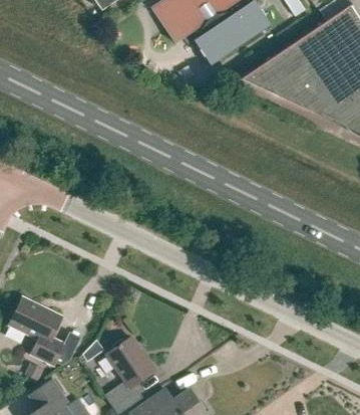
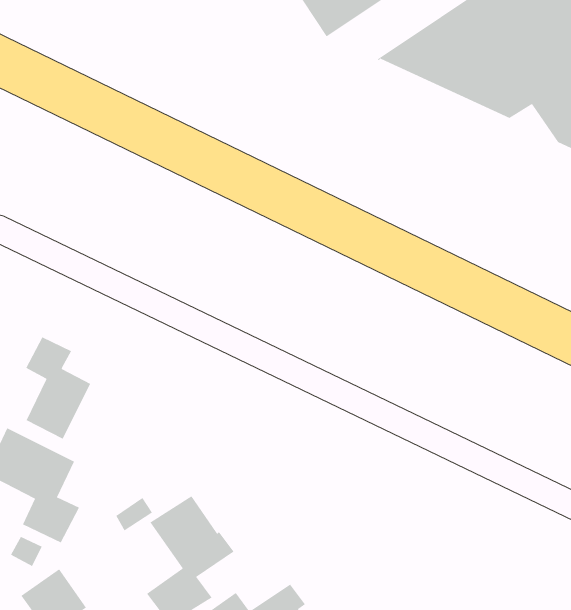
building: none -> [26,337,91,440]

